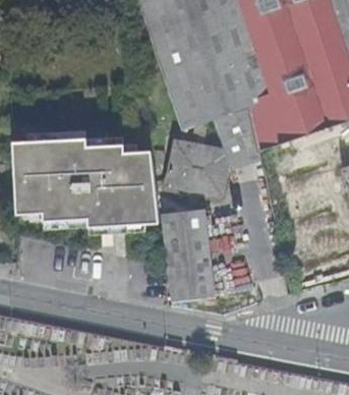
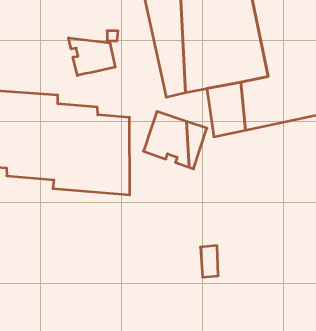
building: none -> [69,38,115,76]
building: [162,206,214,300] -> none

